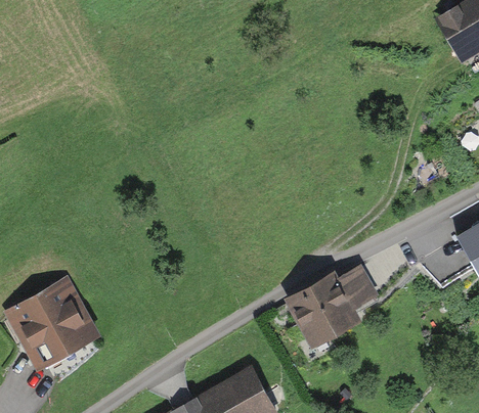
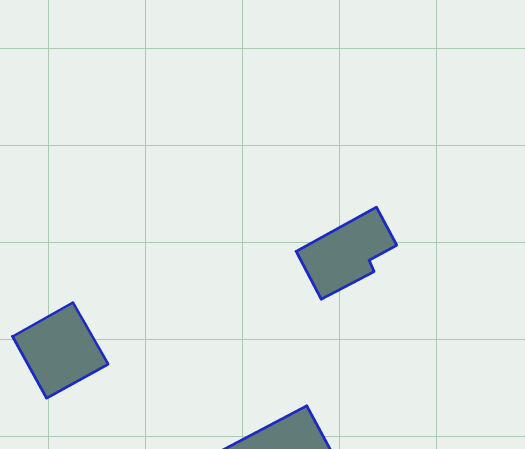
building: [290,266,372,340] -> [296,207,397,299]

